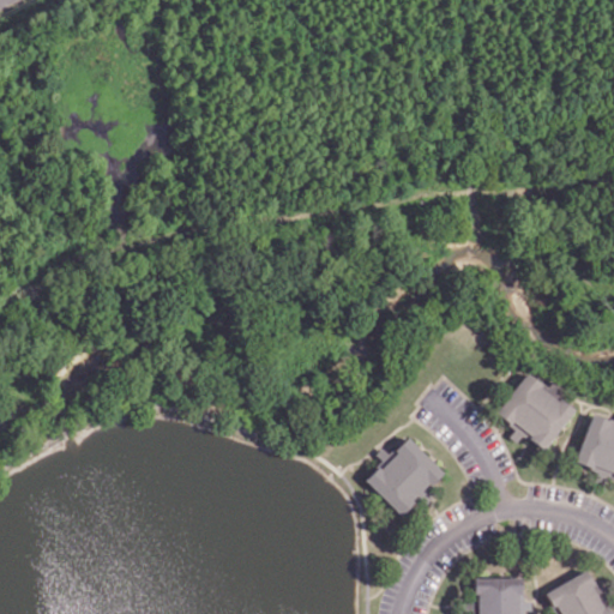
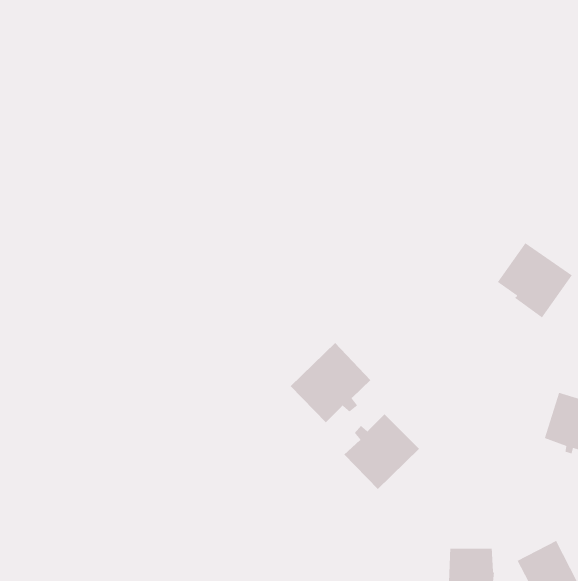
building: none -> [290,342,371,423]
building: [496,373,577,453] -> [497,242,573,318]

